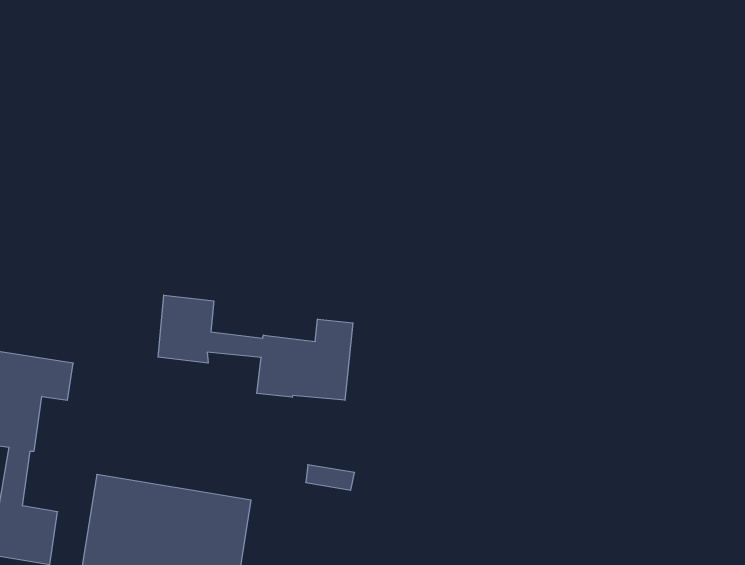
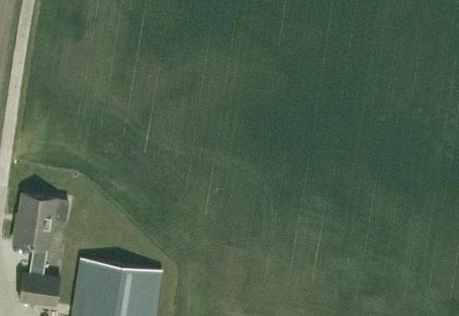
building: [158,295,353,400] -> none

